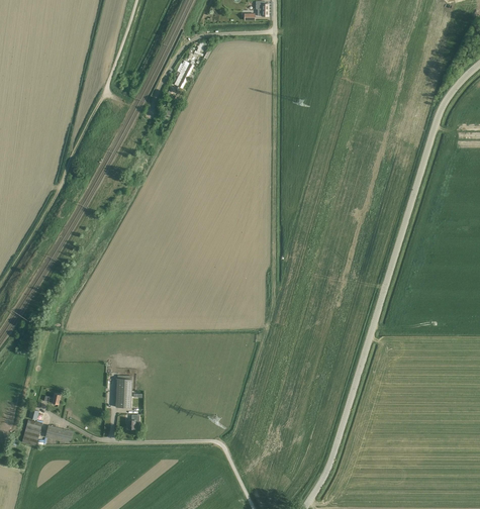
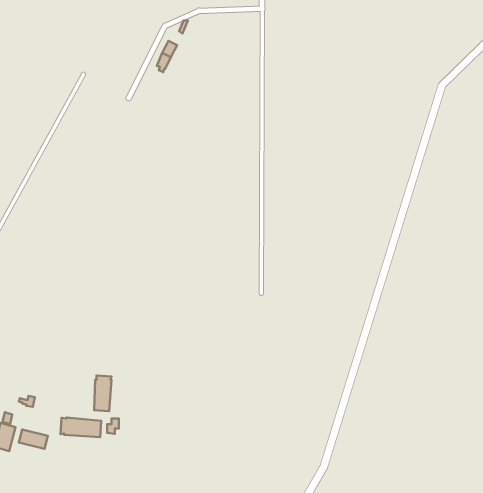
building: none -> [60,417,101,437]

